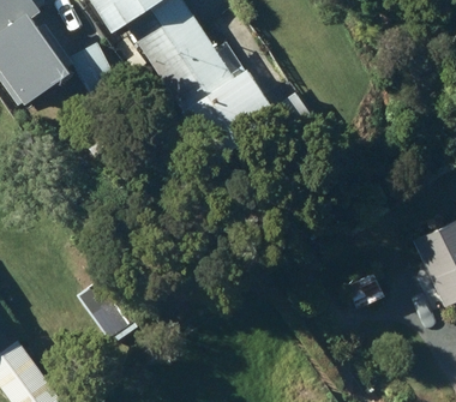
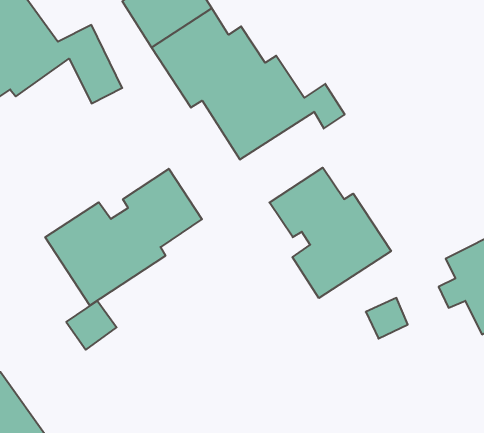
building: none -> [269,168,391,298]
building: none -> [45,169,202,306]

